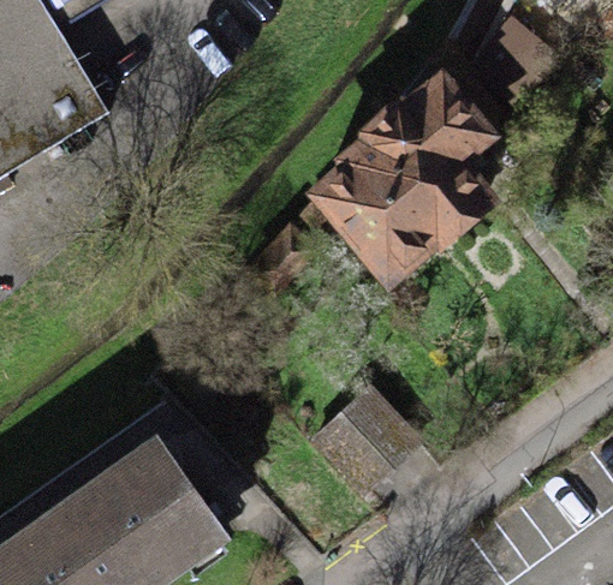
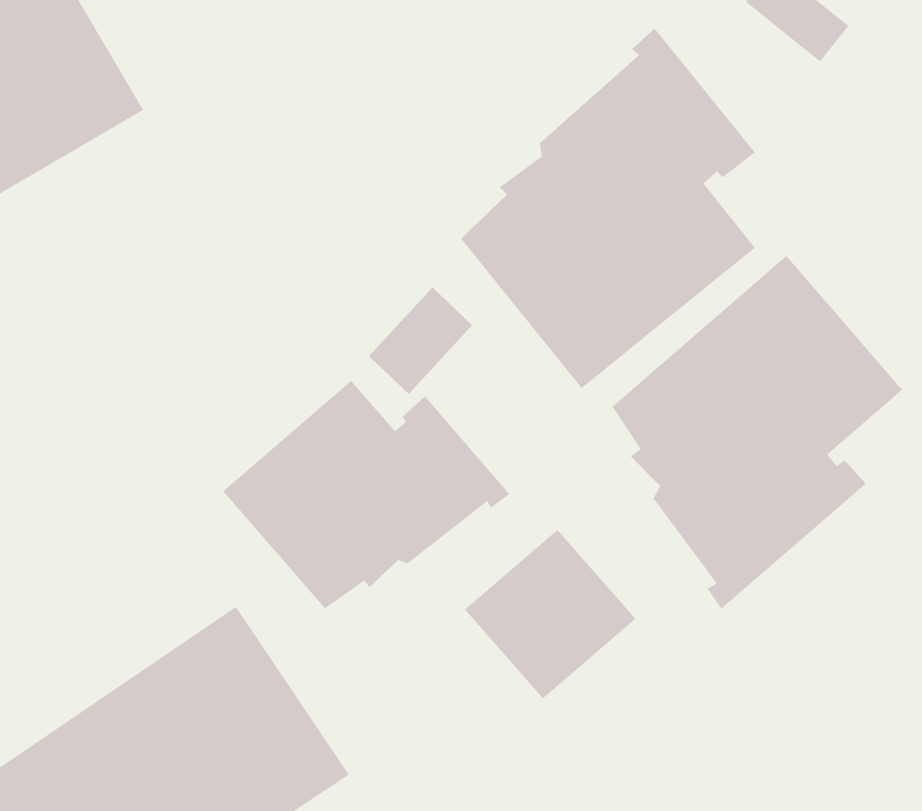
building: none -> [612,255,903,610]
building: none -> [222,380,510,610]

